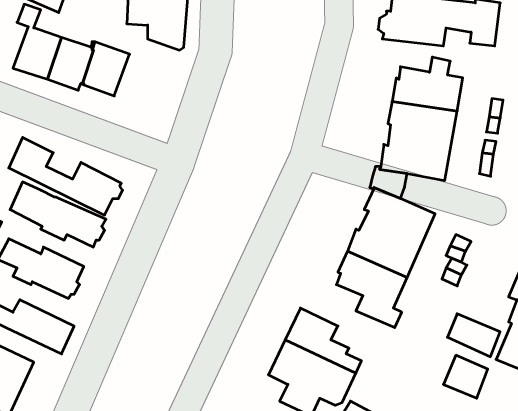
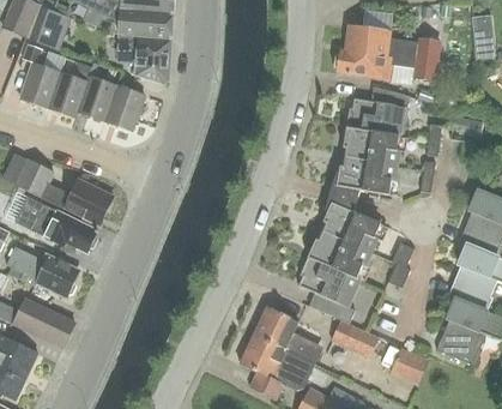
building: none -> [105,86,144,131]
building: [447,314,500,357] -> [332,320,377,357]

